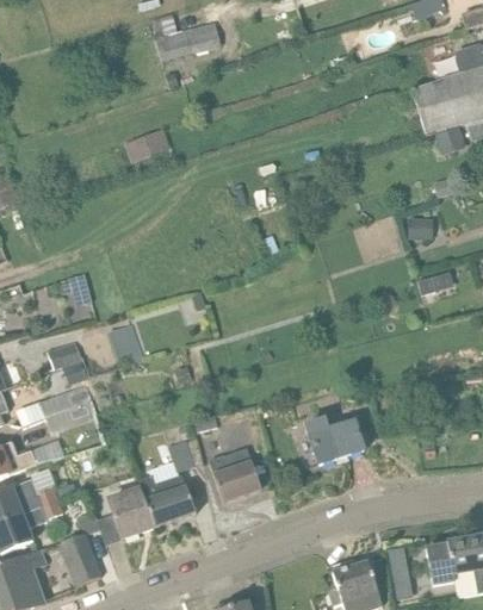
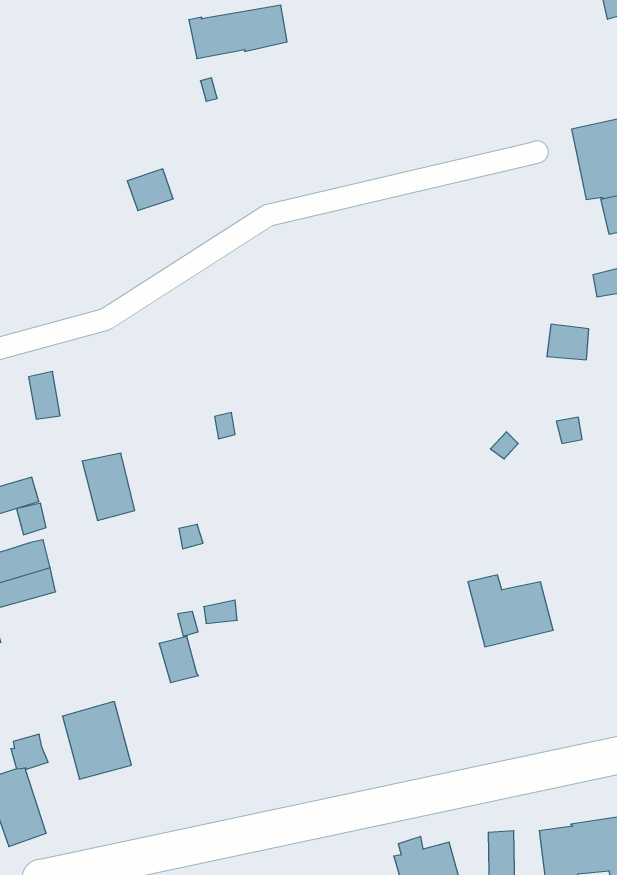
building: [305,416,364,463] -> [468,575,553,647]
building: [209,446,261,502] -> none
building: [137,474,196,525] -> none

